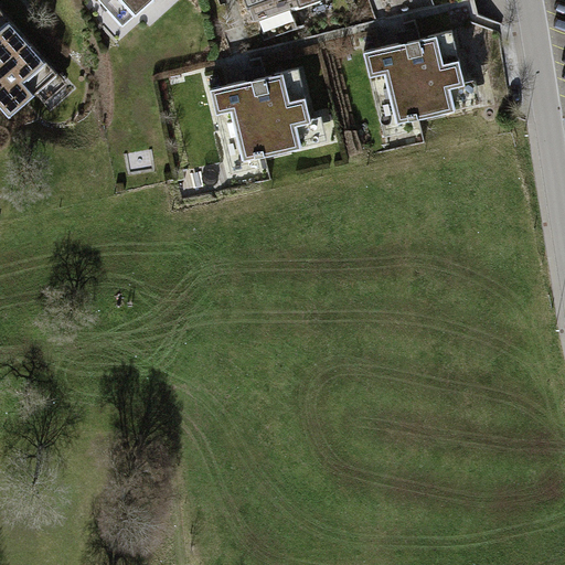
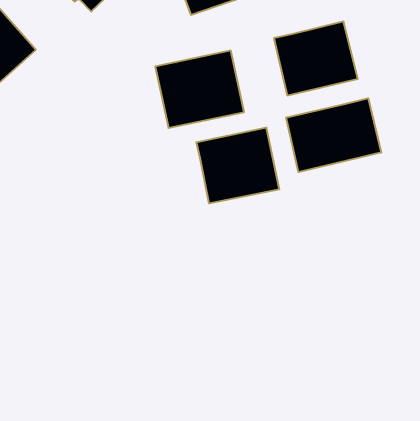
building: none -> [286,98,381,172]
building: none -> [197,127,279,203]

